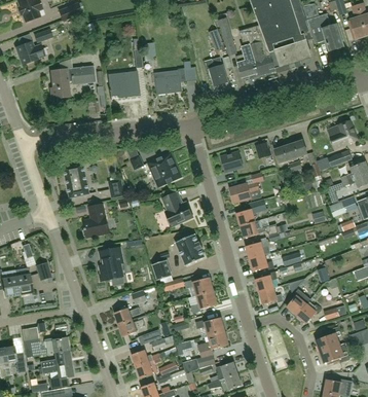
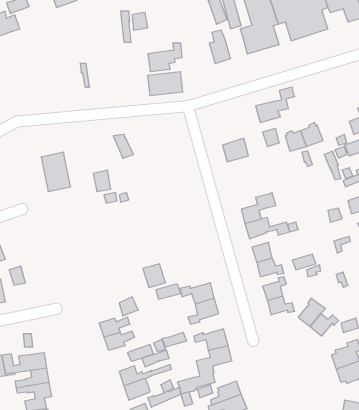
building: [49,66,96,99] -> none
building: [109,78,140,99] -> [147,72,183,96]
building: [149,153,181,185] -> none
building: [230,172,264,203] -> [255,87,295,123]
building: [162,192,193,226] -> none
building: [83,204,109,238] -> none
building: [176,233,205,265] -> none
building: [99,247,124,285] -> none

